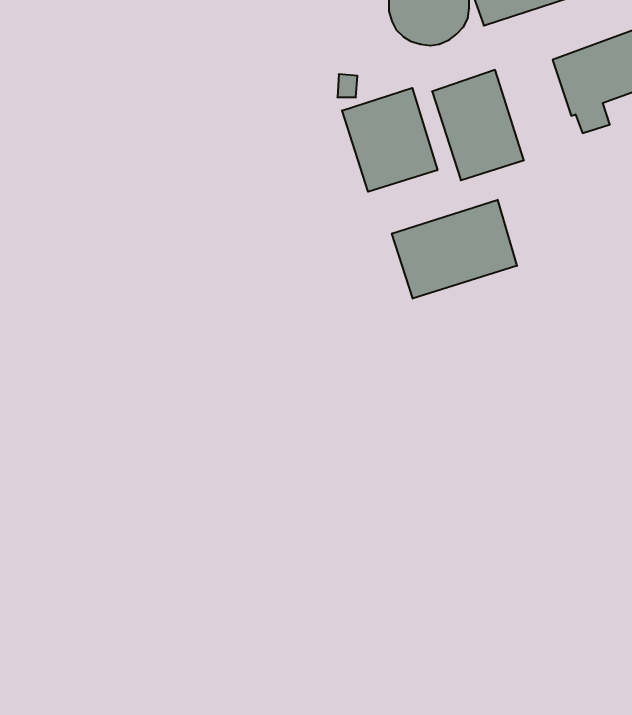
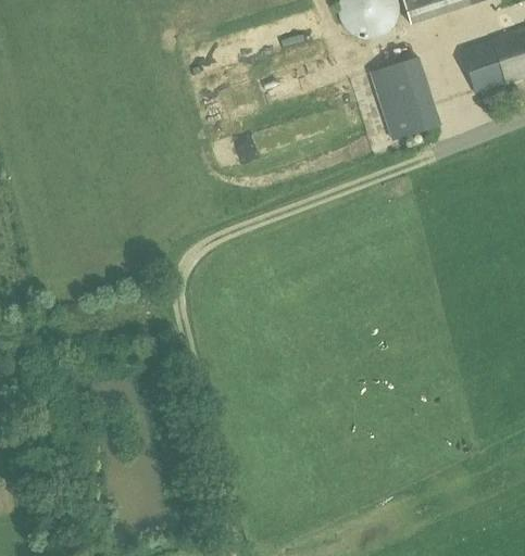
building: [342,88,437,192] -> none
building: [392,200,517,299] -> none

